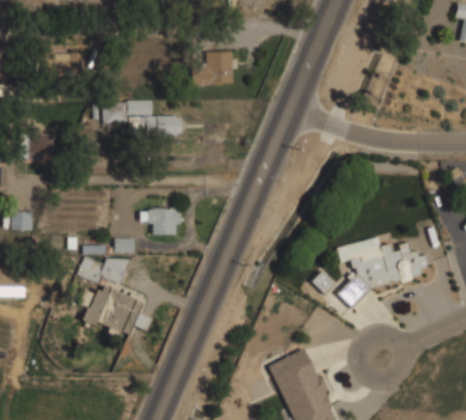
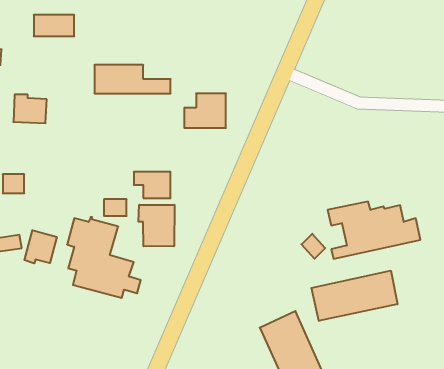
building: [192,50,234,85] -> [184,93,226,128]
building: none -> [138,205,174,246]
building: none -> [24,230,57,263]
building: none -> [311,271,397,321]

